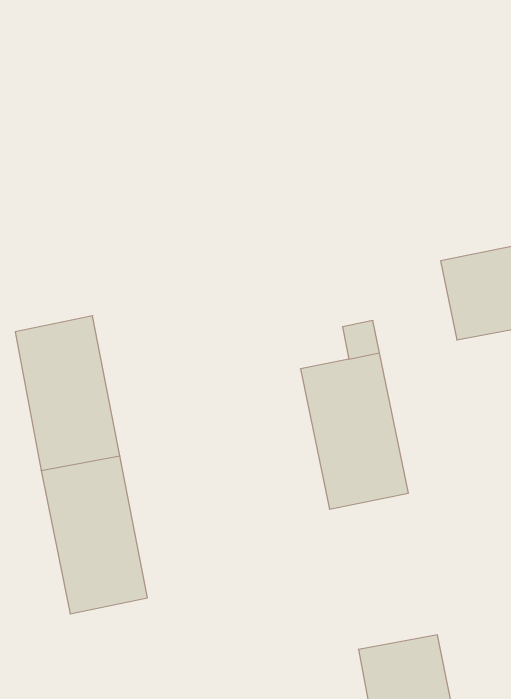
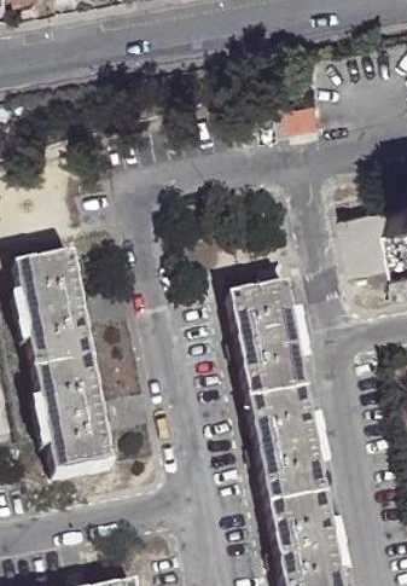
building: none -> [250,389,331,506]

